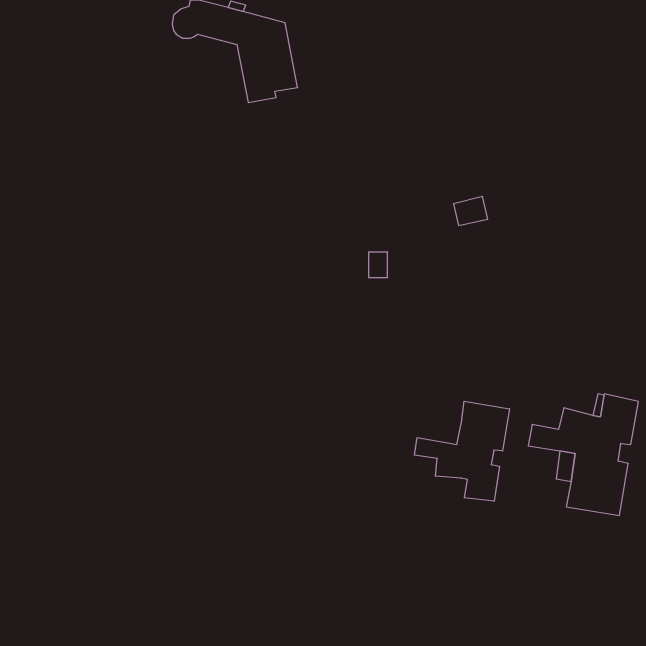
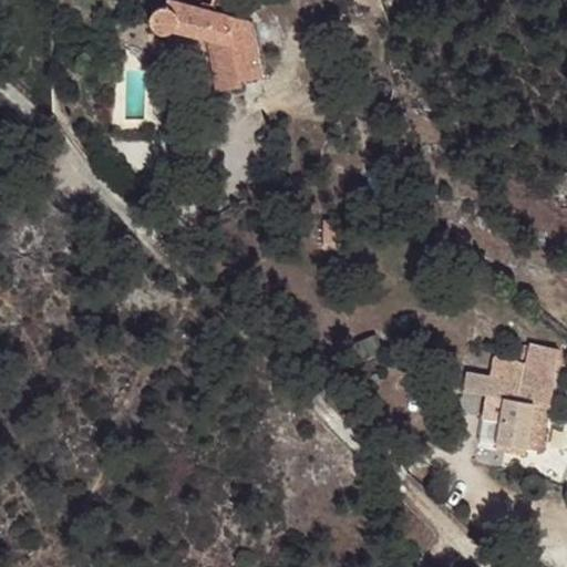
building: [414,401,509,501] -> none

